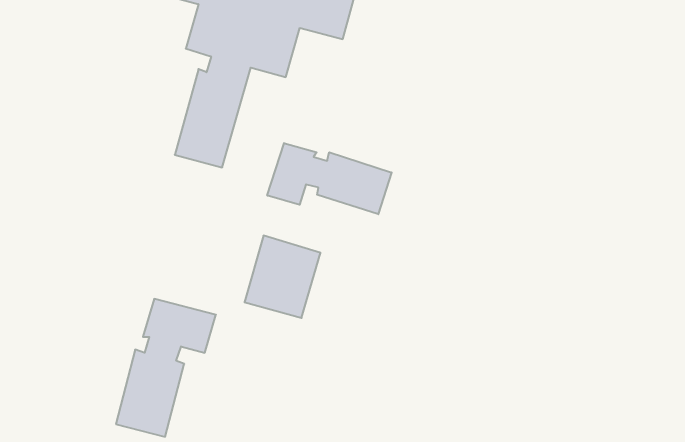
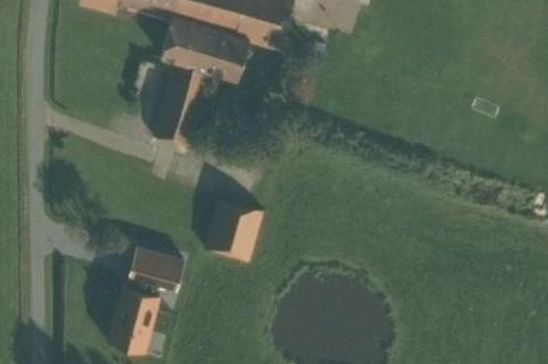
building: [267,143,392,214] -> none

